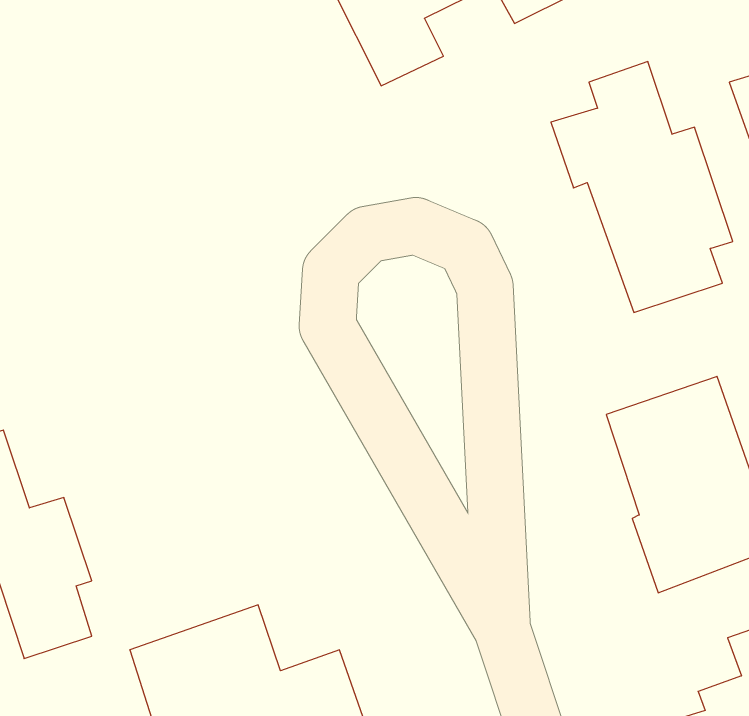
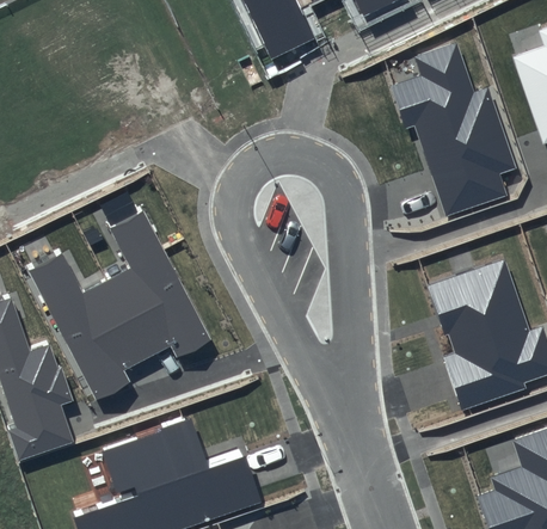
building: none -> [29,208,210,401]

